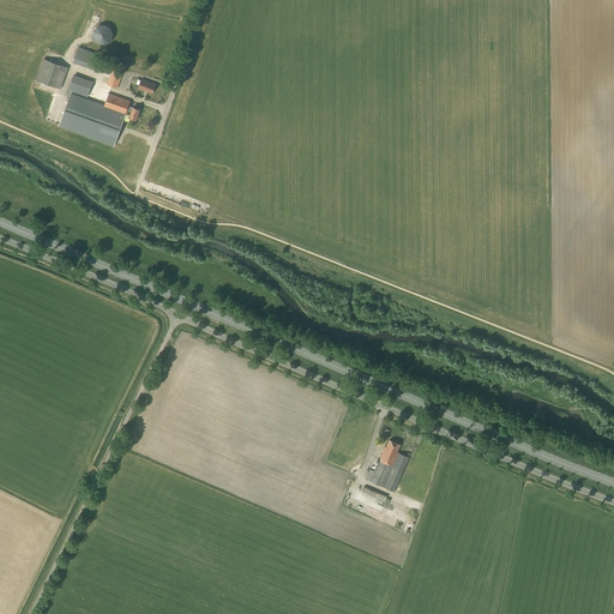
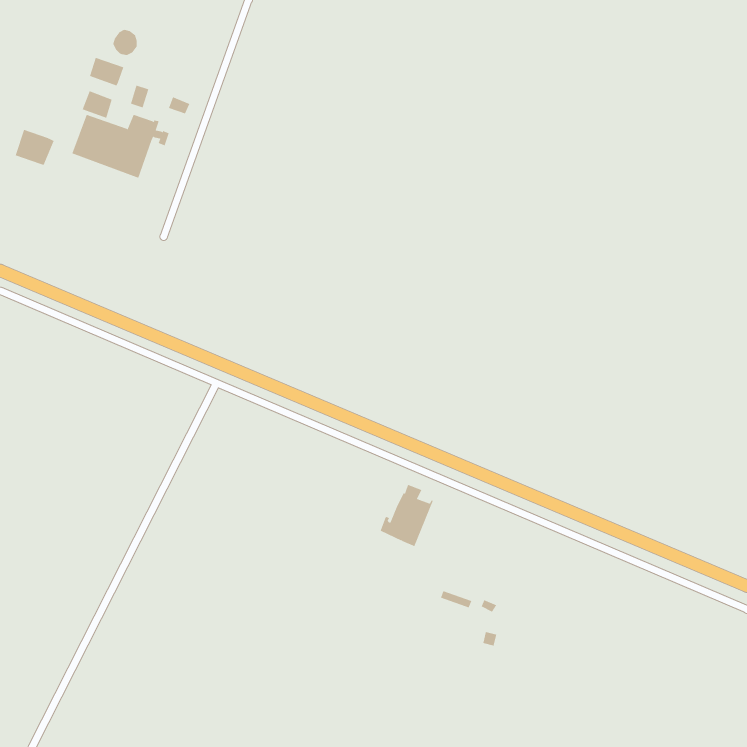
building: [36,59,68,89] -> [15,129,54,166]
building: [366,440,410,492] -> [380,484,434,547]

